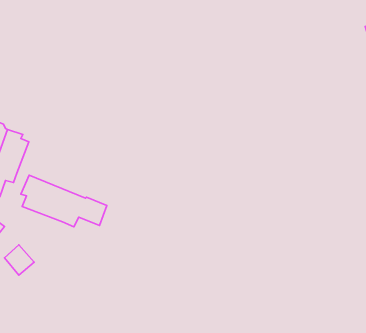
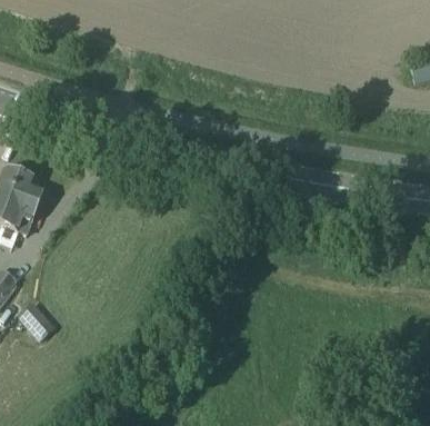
building: [21,175,107,227] -> none

